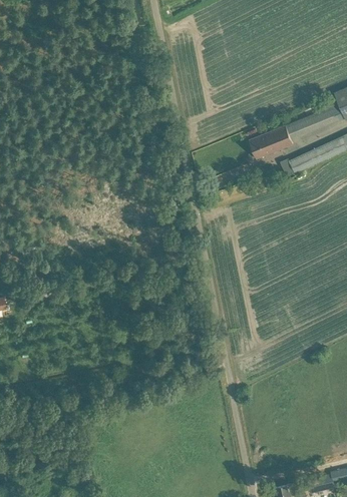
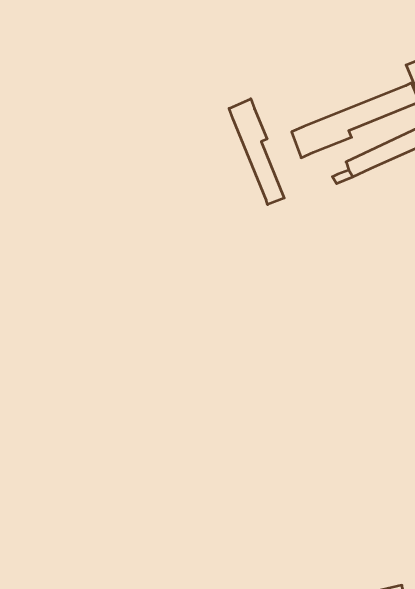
building: none -> [229,99,284,205]

